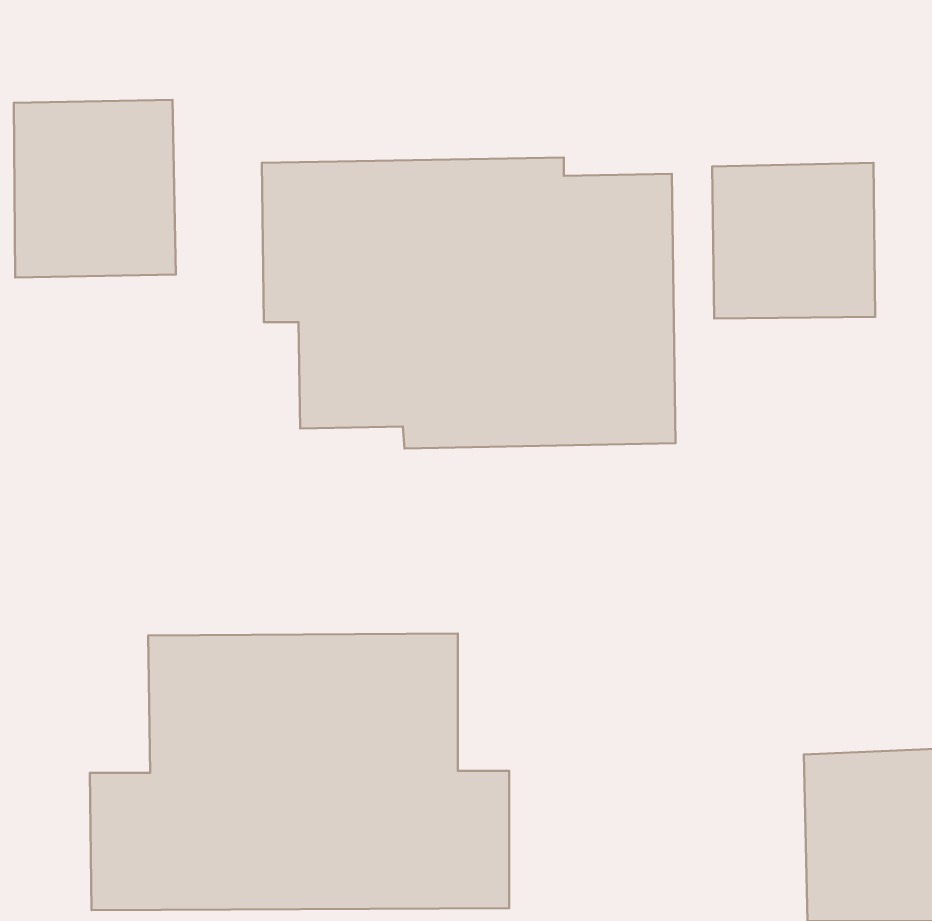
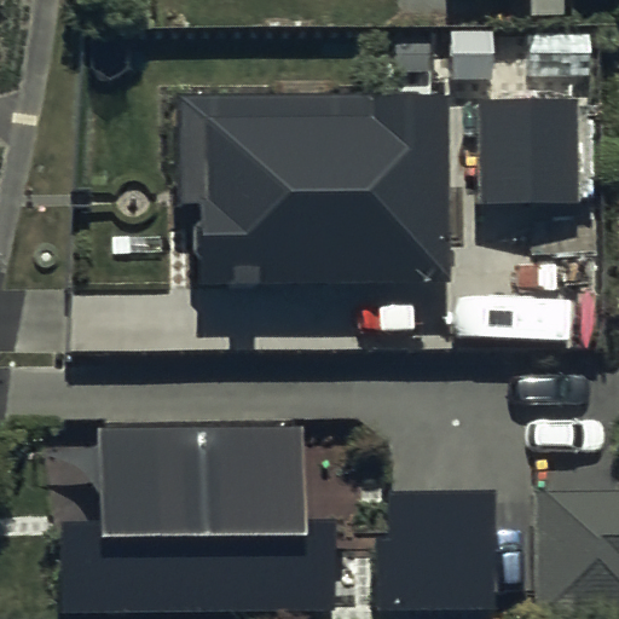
building: [14,100,176,277] -> none
building: none -> [380,484,496,600]

